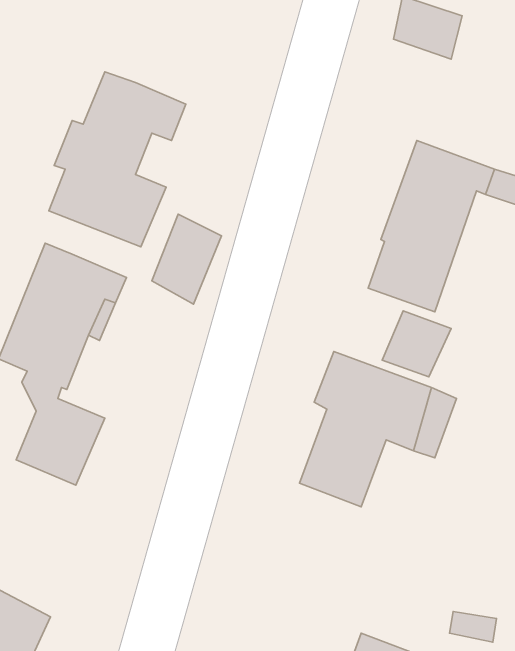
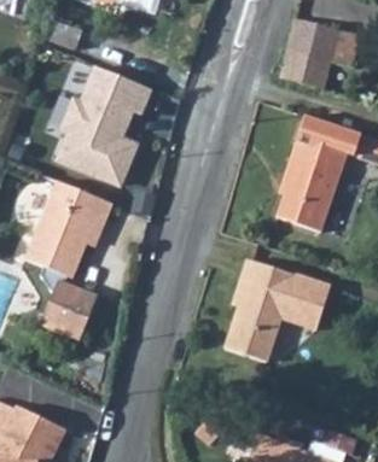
building: none -> [285,46,330,86]
building: [152,214,221,304] -> none
building: [382,311,451,377] -> none

